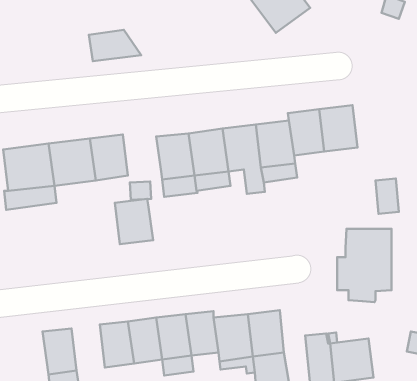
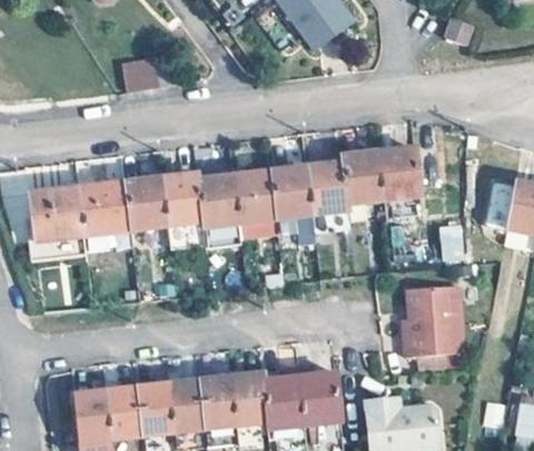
building: [115,199,153,244] -> [161,170,204,220]
building: none -> [105,385,141,437]

